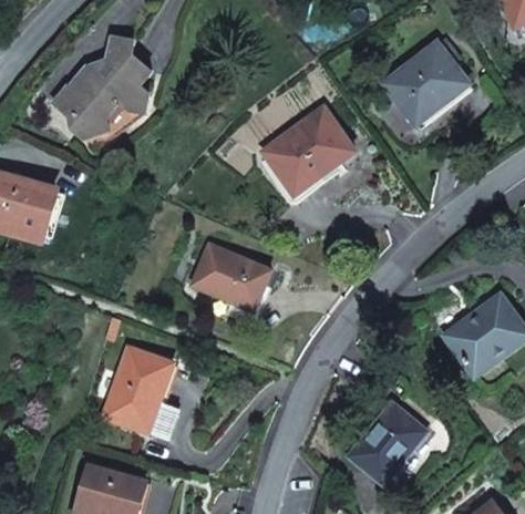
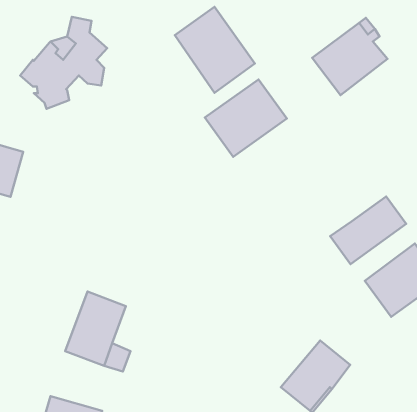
building: none -> [175,7,255,93]
building: none -> [330,197,406,264]
building: [191,243,270,311] -> none

